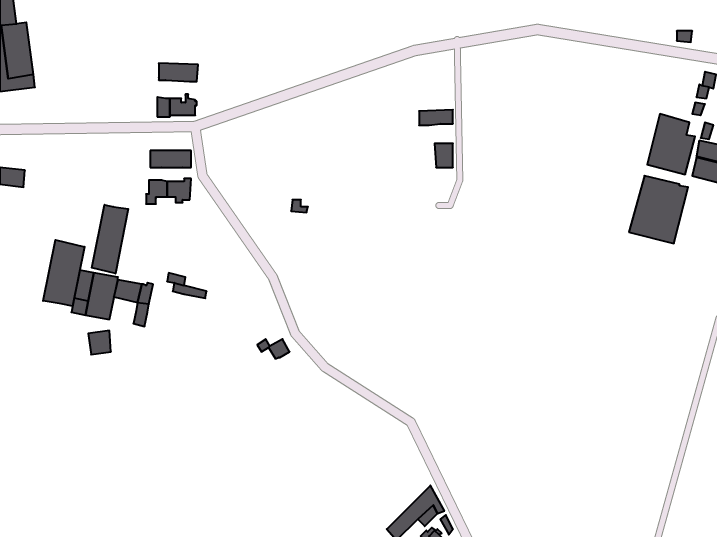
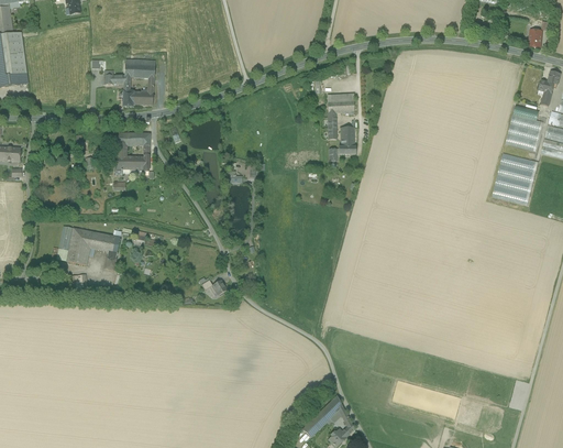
building: [92,205,128,274] -> none
building: [43,240,85,306] -> none

